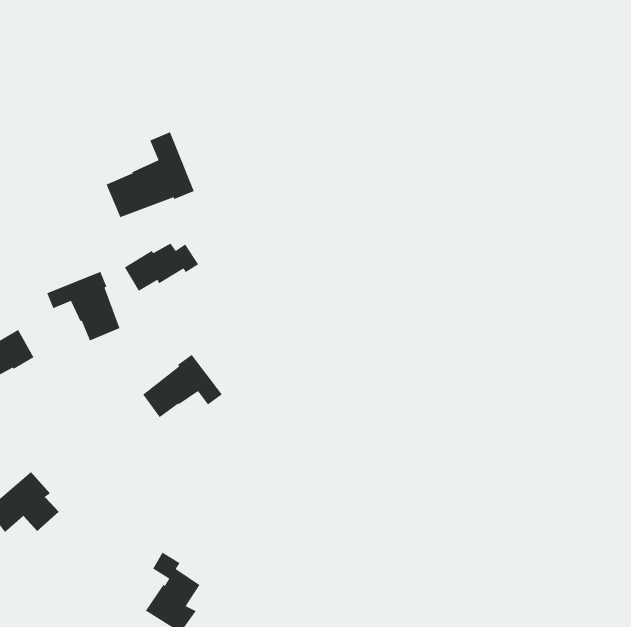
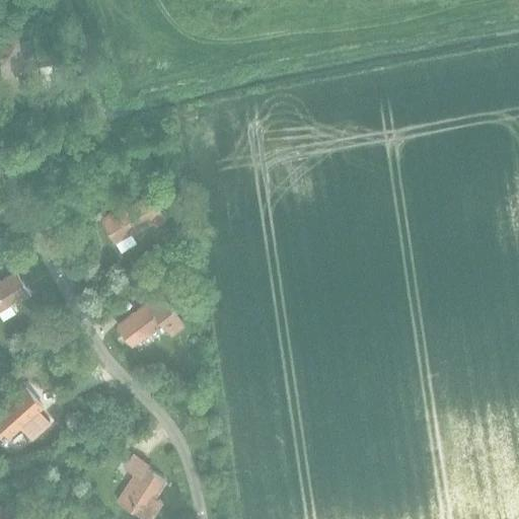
building: [106,131,195,218] -> none
building: [46,271,121,342] -> none

